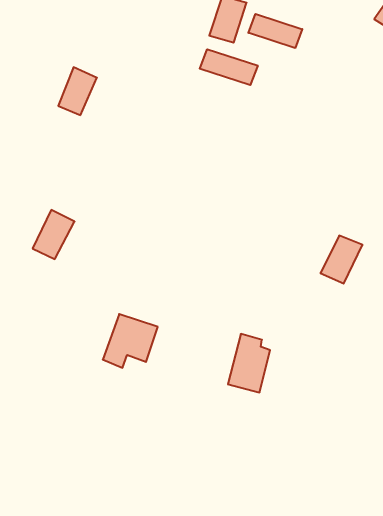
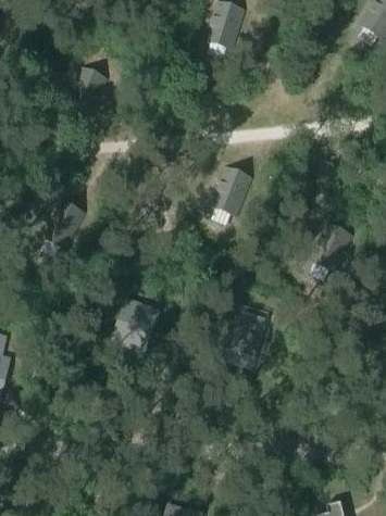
building: [248,14,302,48] -> none
building: [200,49,258,85] -> none
building: none -> [212,168,249,213]

